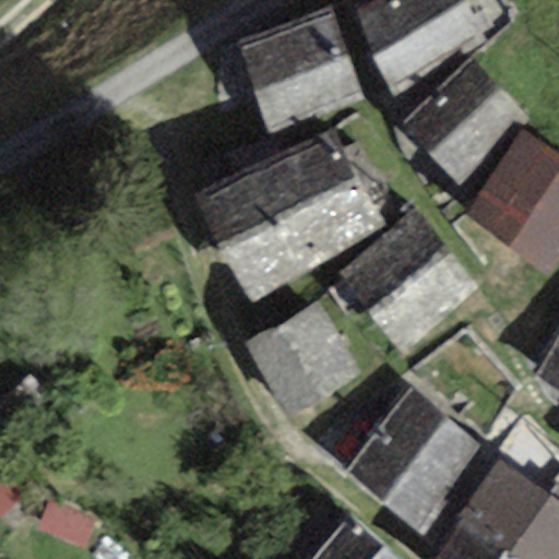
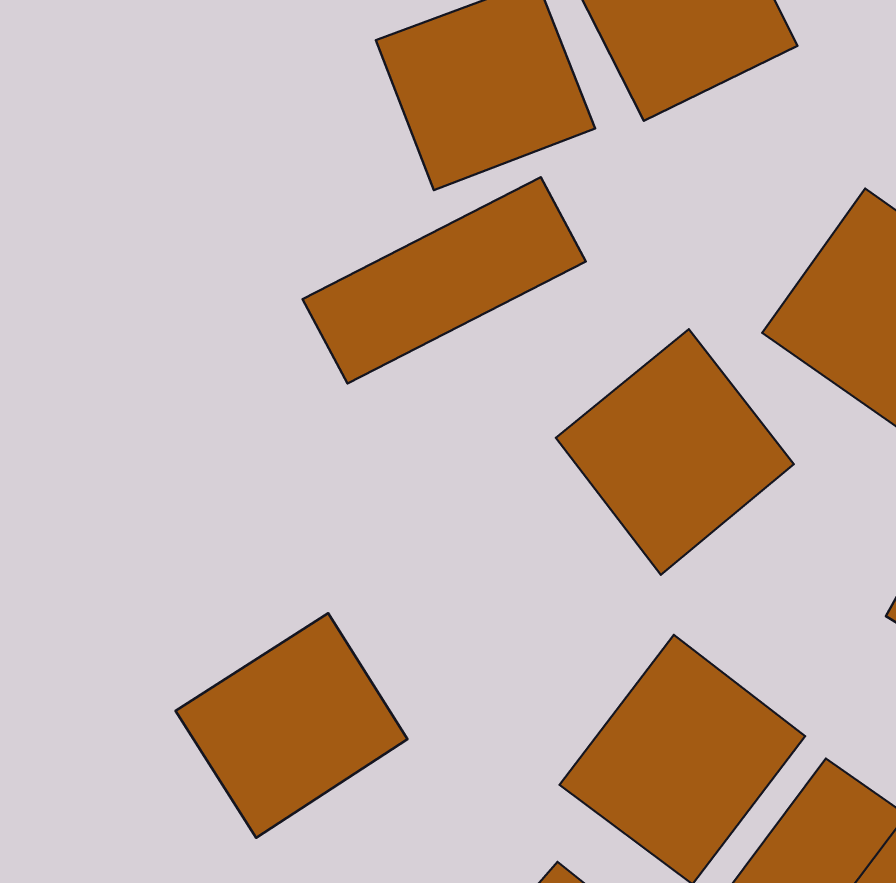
building: [402,58,528,182] -> none
building: [221,171,389,301] -> none
building: [245,299,364,421] -> none
building: none -> [176,613,407,838]

